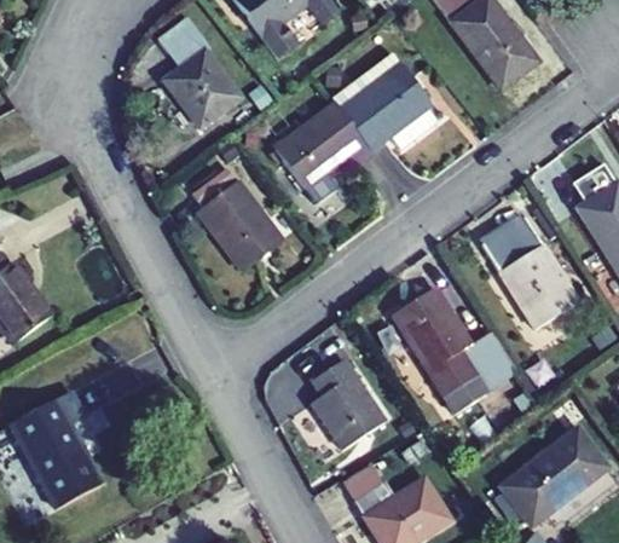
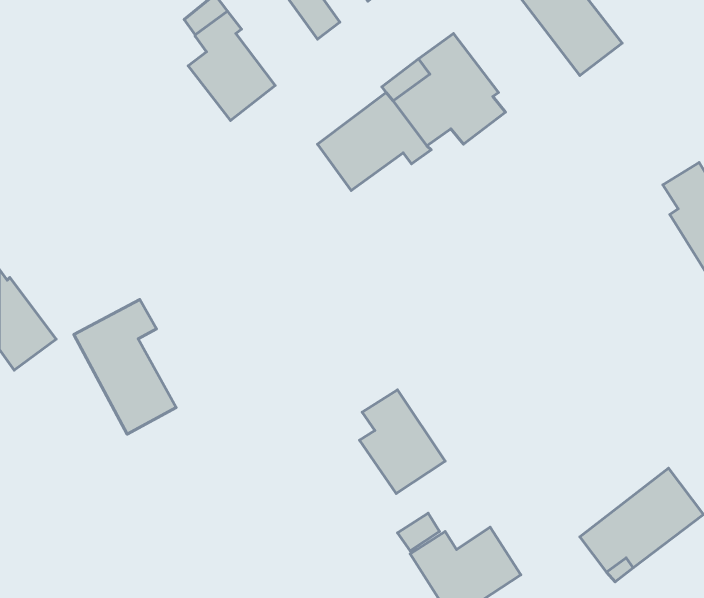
building: [192,167,280,268] -> none
building: [482,218,578,329] -> none
building: [391,287,510,412] -> none
building: [11,392,99,508] -> [74,300,176,434]

